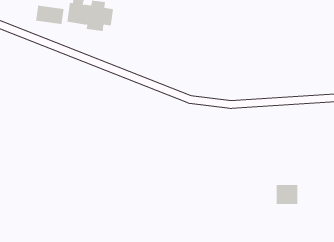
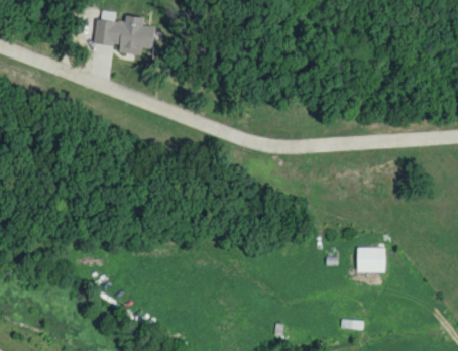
building: [35,5,64,25] -> none

